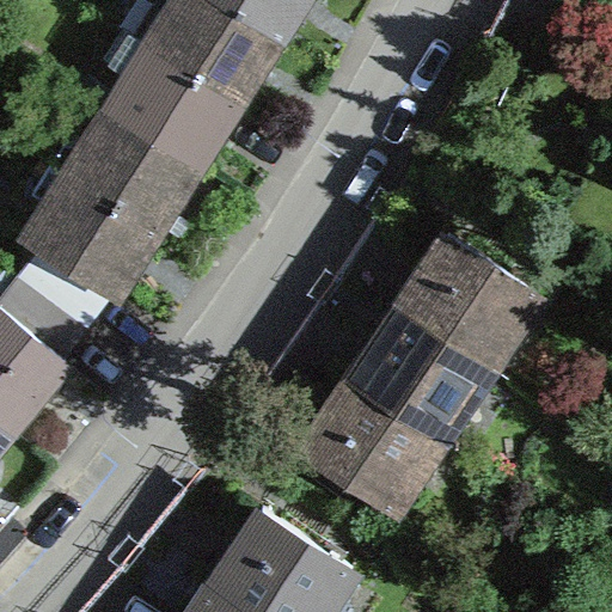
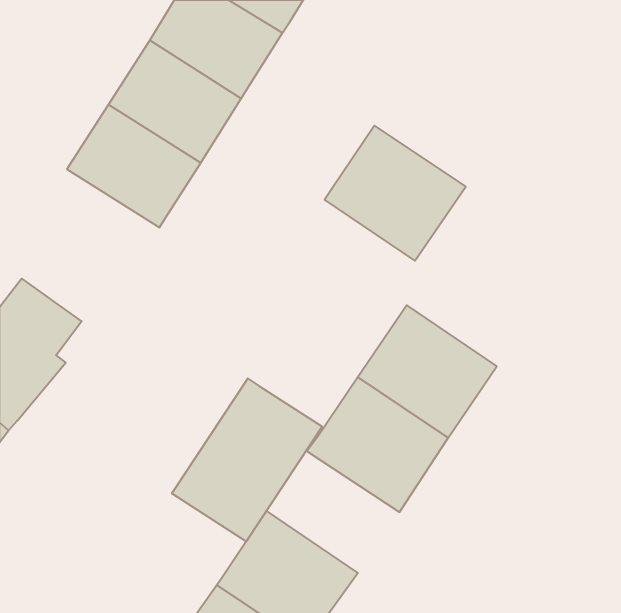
building: [22,175,157,324] -> none
building: [399,235,538,368] -> [325,126,466,261]
building: none -> [172,378,322,542]

